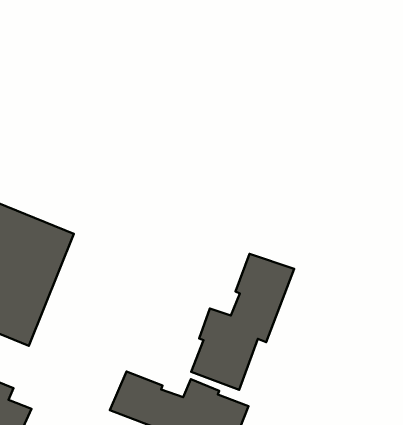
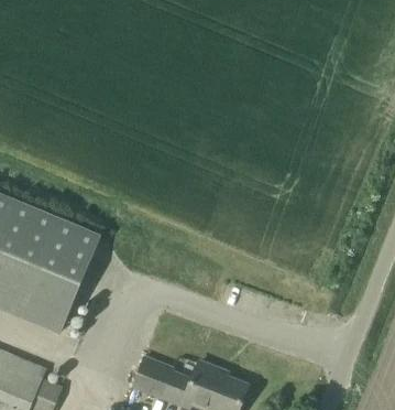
building: [191,254,294,390] -> none

